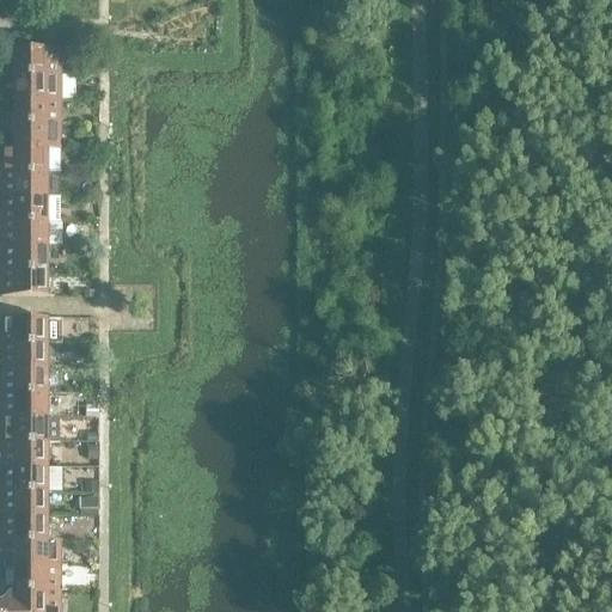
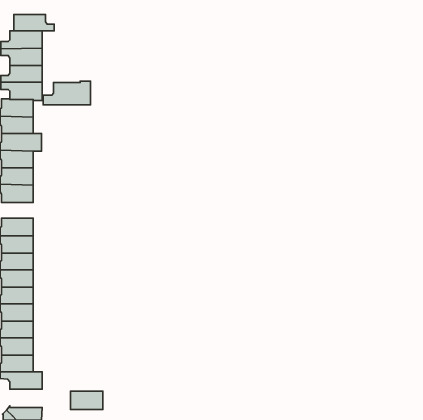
building: none -> [14,15,54,31]
building: none -> [43,81,91,105]
building: [16,561,62,587] -> [71,391,103,409]

